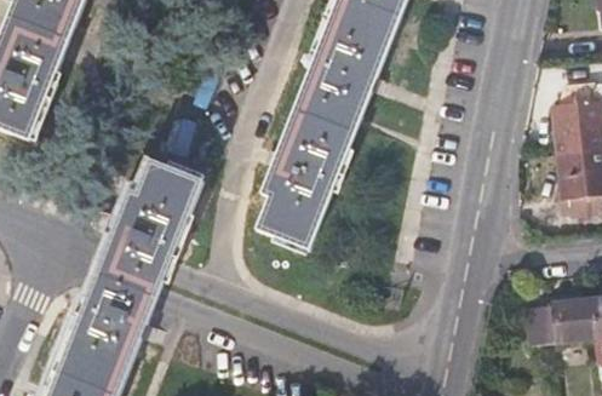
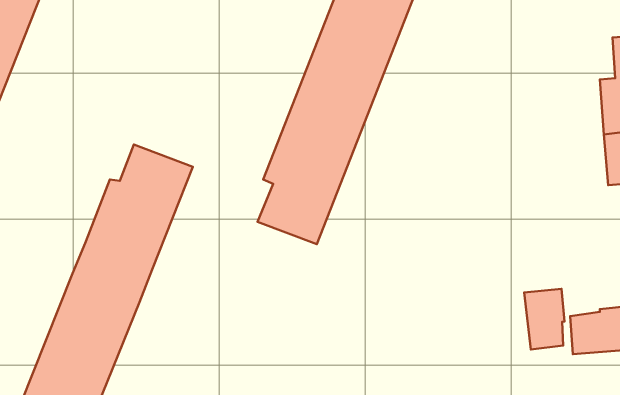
building: none -> [524,289,564,349]

